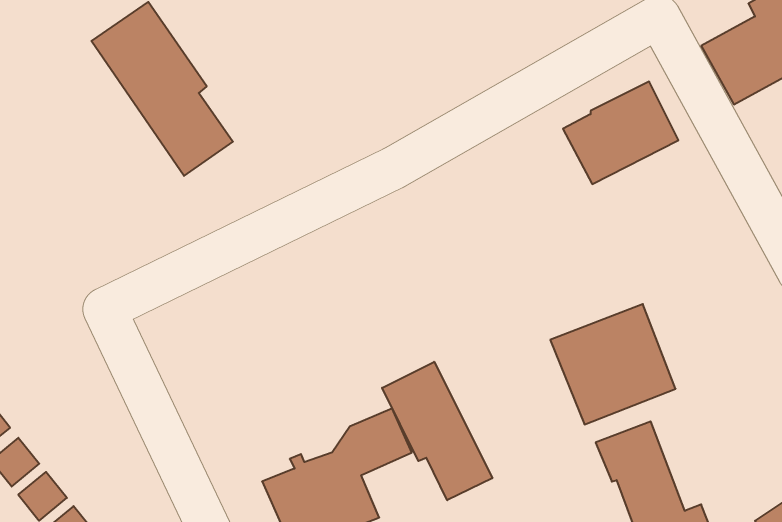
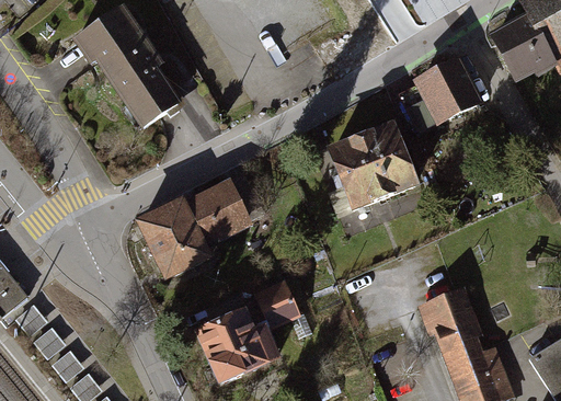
building: none -> [139,177,263,277]
building: [550,304,676,424] -> [330,127,414,208]
building: [382,362,492,500] -> none

